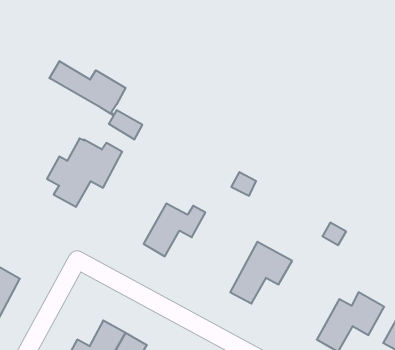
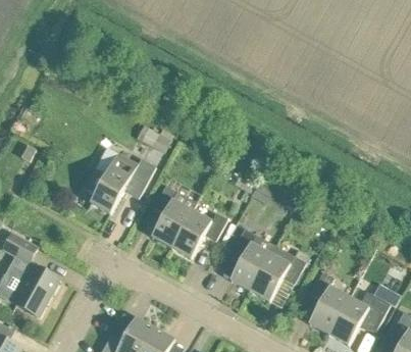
building: [49,61,126,116] -> none
building: none -> [152,185,196,247]
building: none -> [229,228,274,291]
building: none -> [309,271,349,334]

